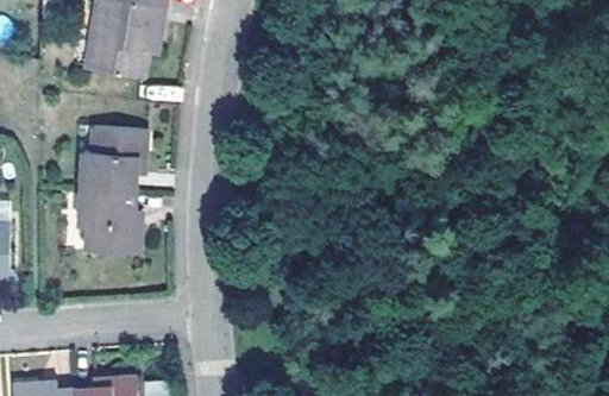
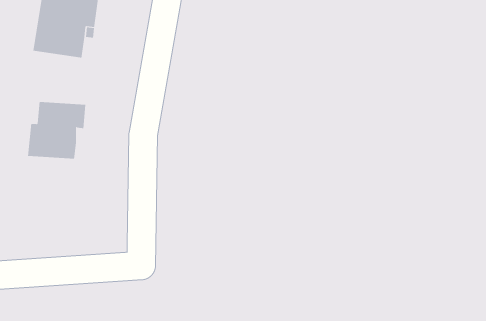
building: [79,188,139,253] -> none

